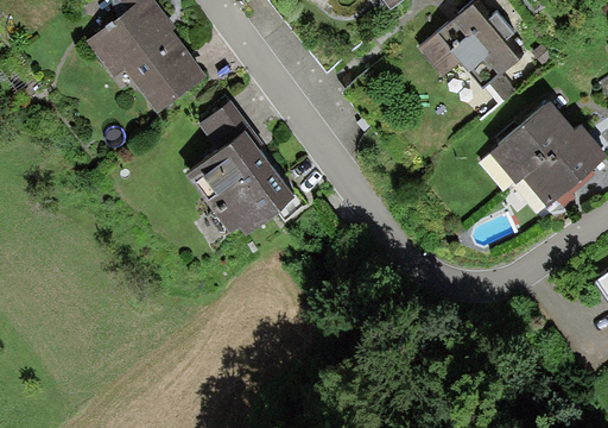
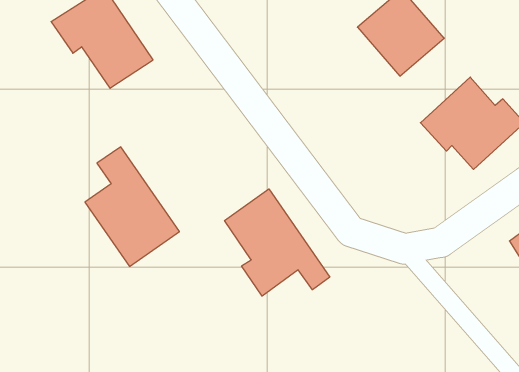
building: [191,106,294,237] -> [85,147,179,266]
building: none -> [225,189,330,296]

